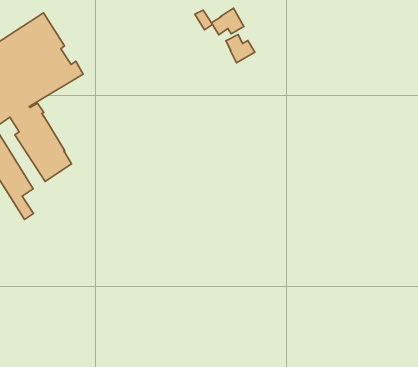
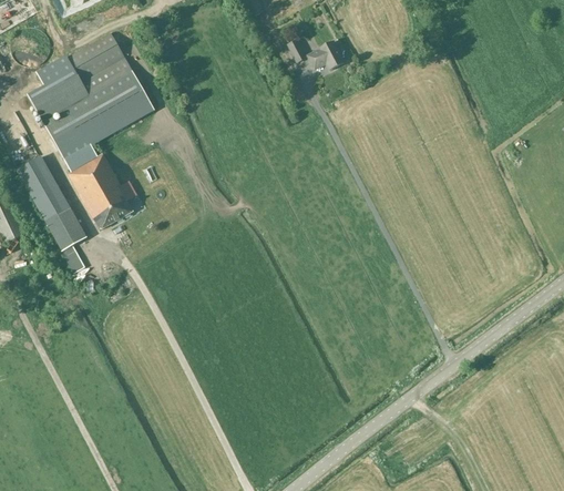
building: [226,34,255,63] -> none

